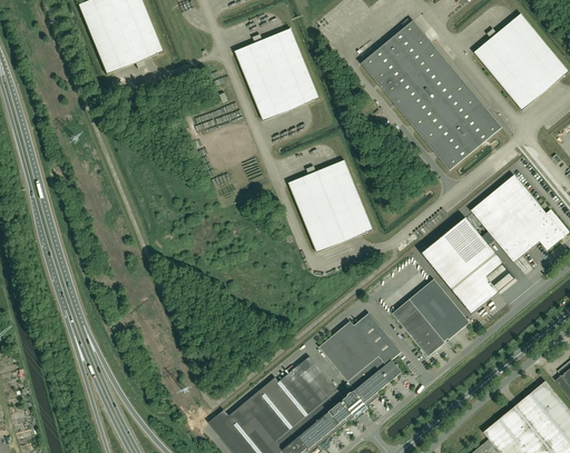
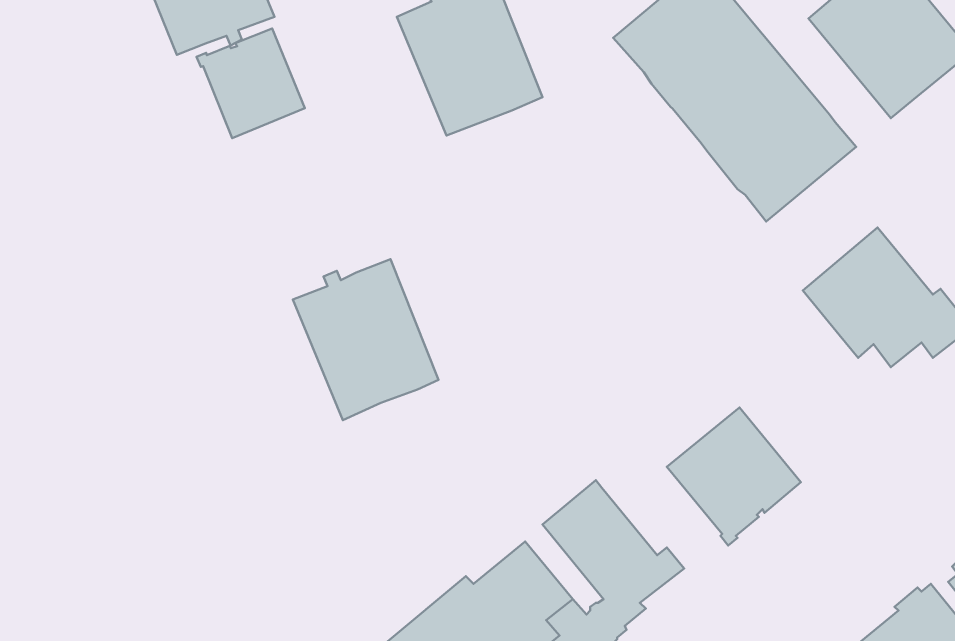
building: none -> [197,28,305,138]
building: [287,158,372,252] -> [293,259,438,420]
building: [421,216,502,313] -> none
building: [353,311,401,363] -> none

